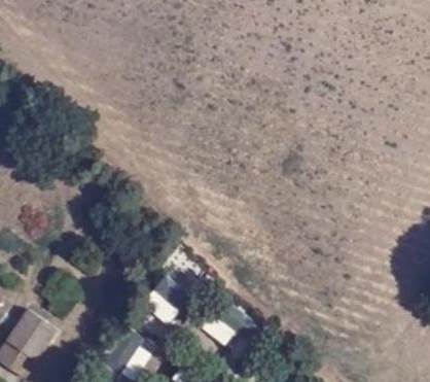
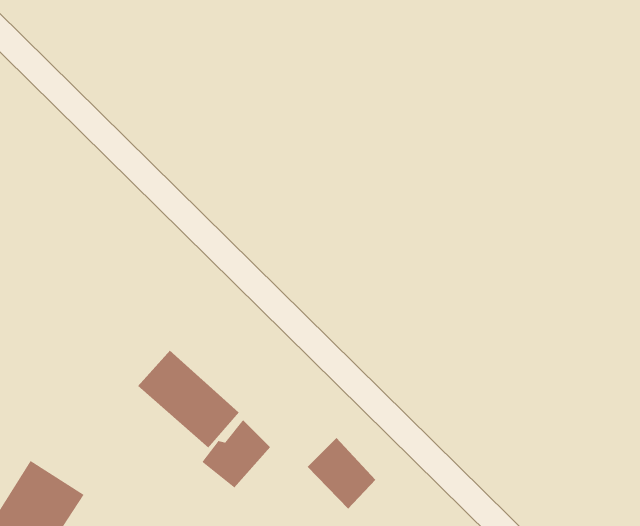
building: none -> [137,350,240,448]

